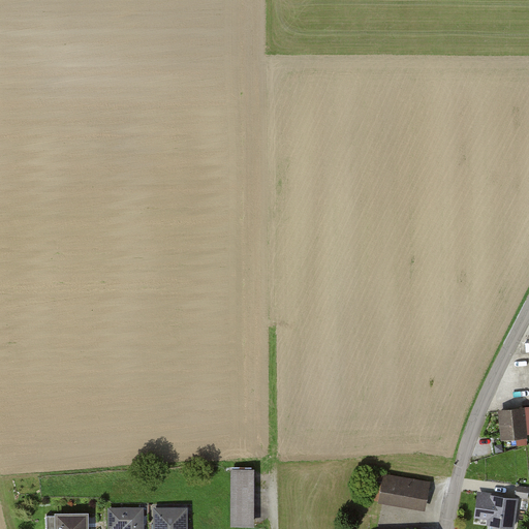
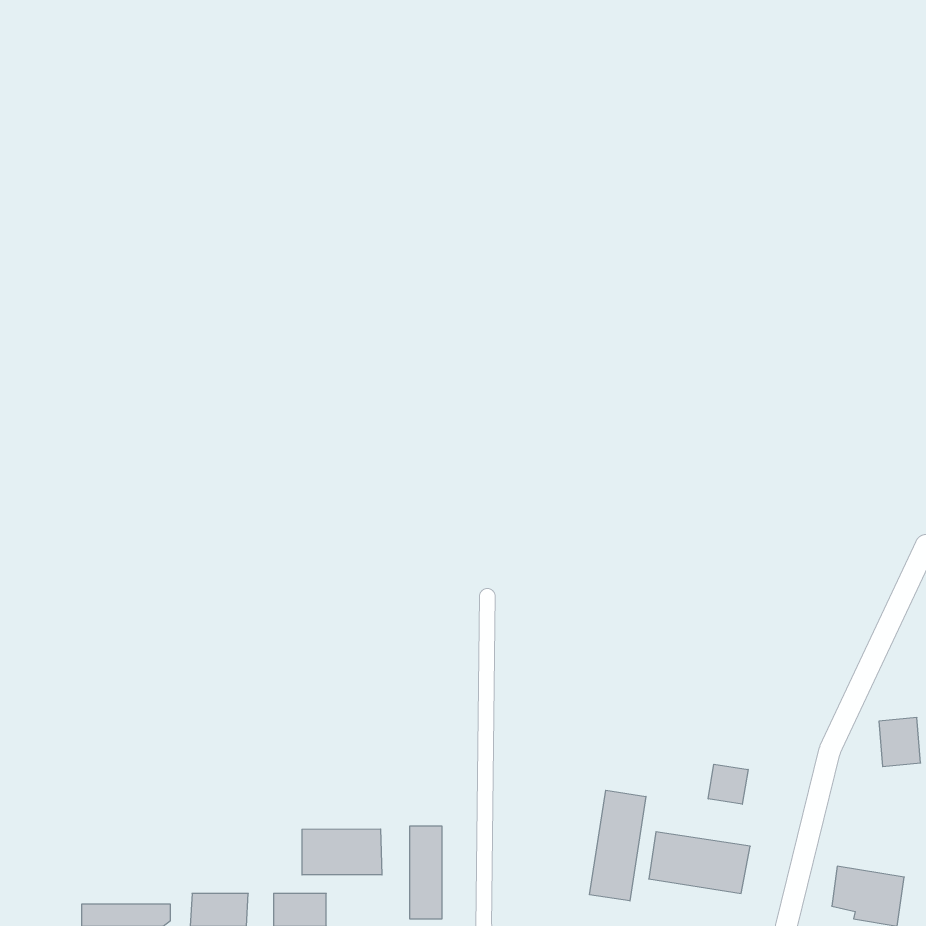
building: none -> [708,764,748,804]
building: none -> [590,790,646,901]
building: none -> [302,829,382,875]

